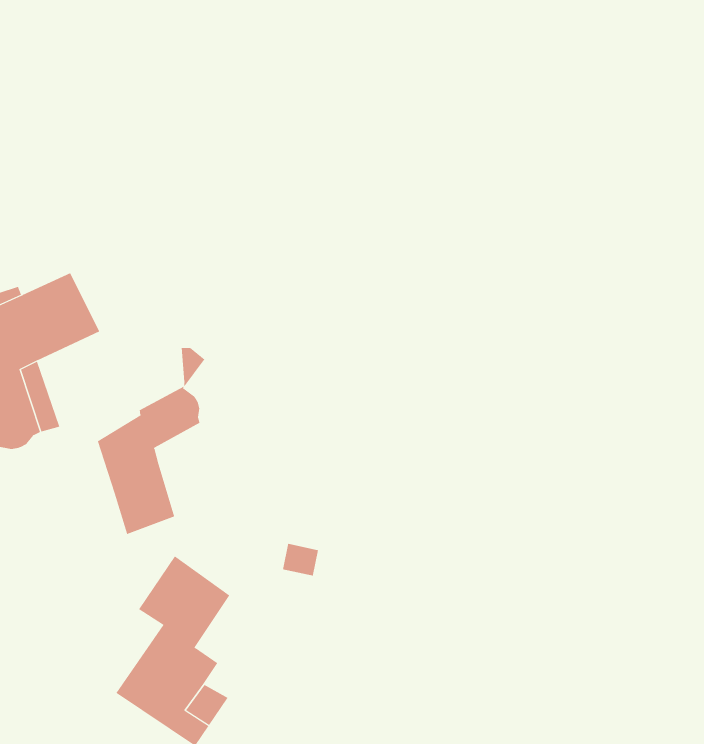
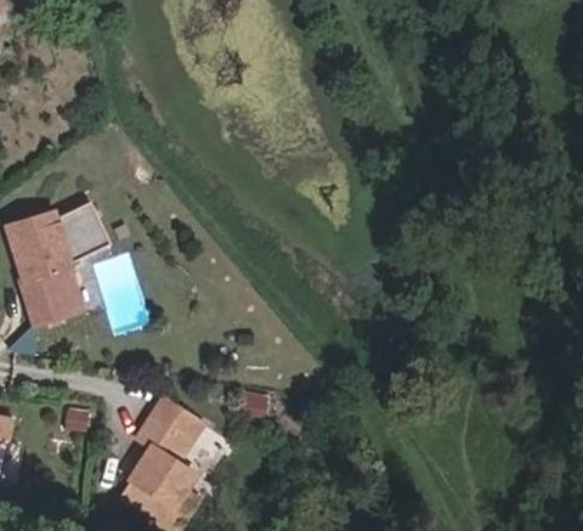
building: [97,347,205,535] -> none

